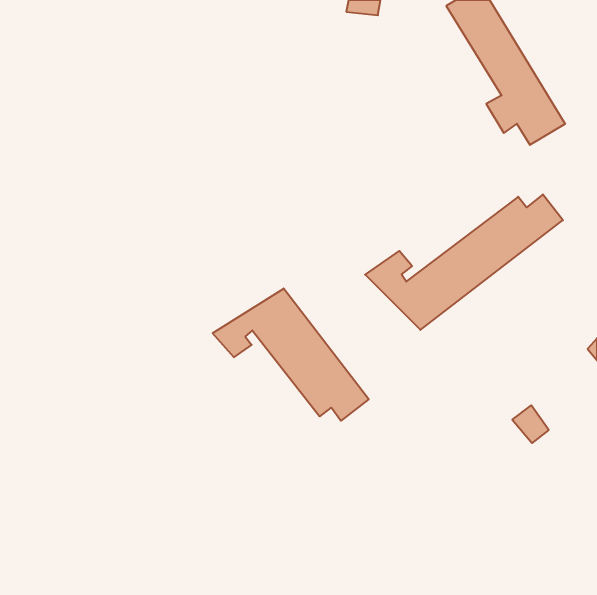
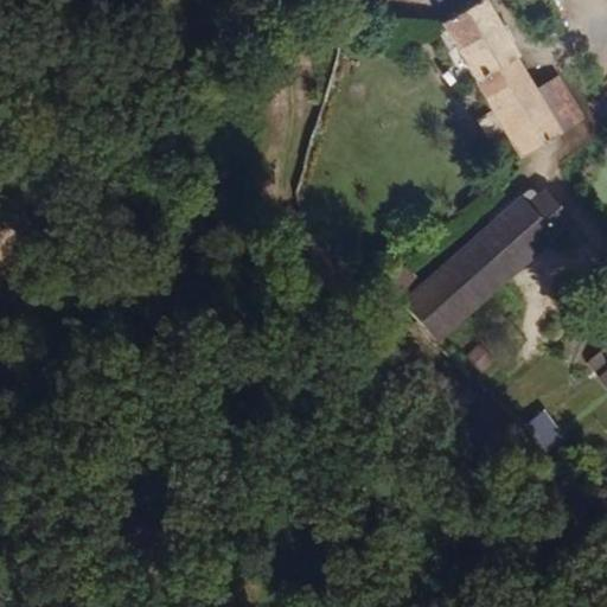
building: [213,288,369,421] -> none

